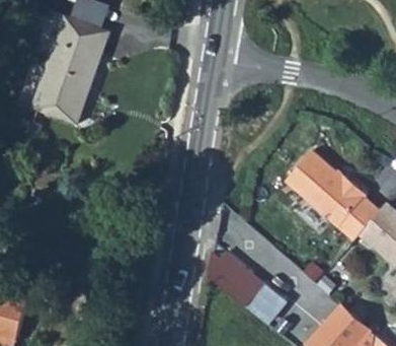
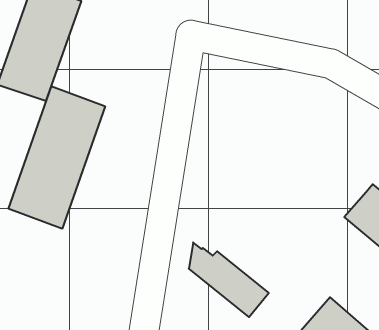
building: none -> [8,86,105,229]
building: [281,148,374,238] -> none

